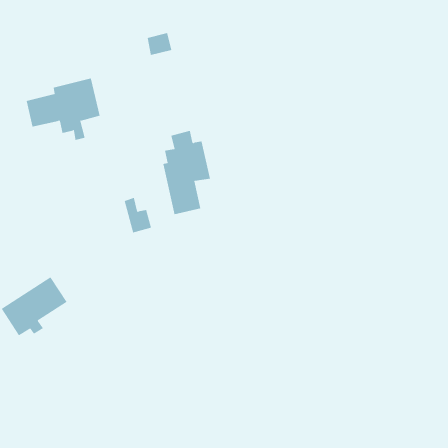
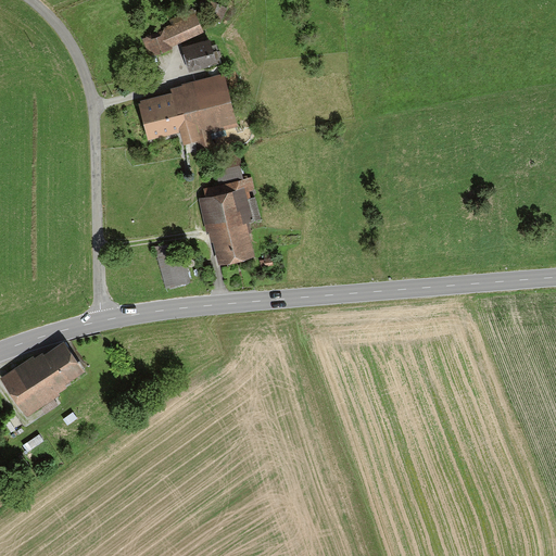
building: none -> [144,11,202,55]
building: [26,78,100,140] -> [139,75,231,152]

